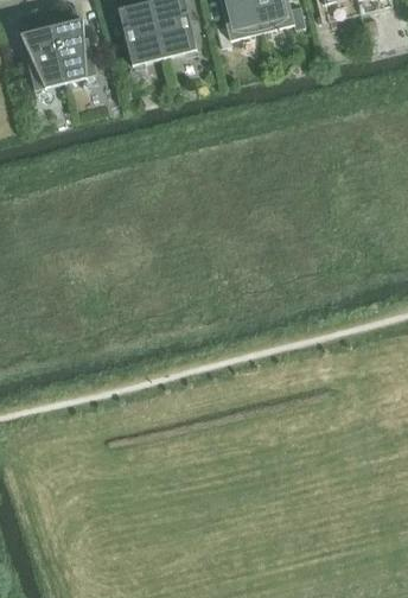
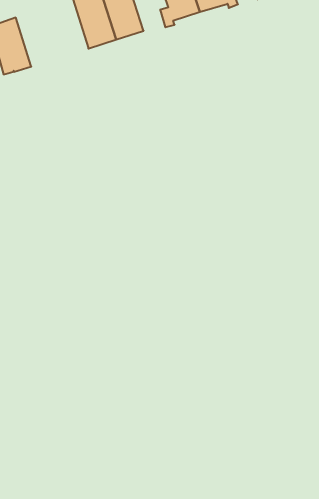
building: [52,14,97,79] -> none

